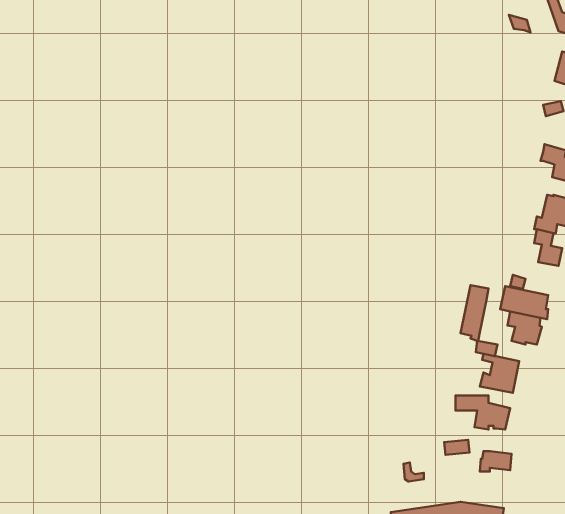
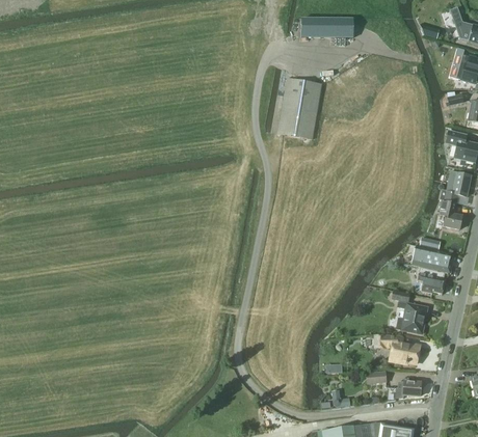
building: none -> [301,18,353,37]
building: none -> [277,78,322,139]
building: [461,285,489,341] -> none

